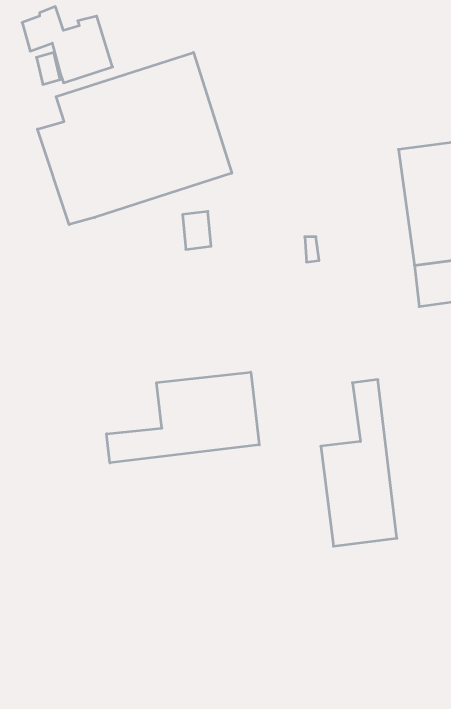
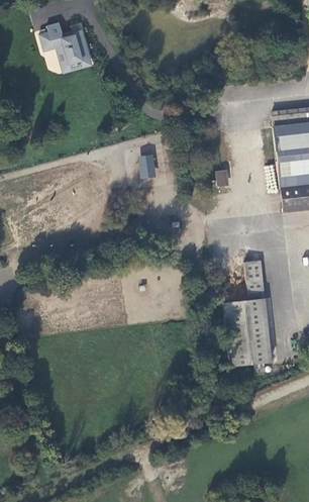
building: [37,52,232,225] -> none
building: [107,372,259,463] -> none

